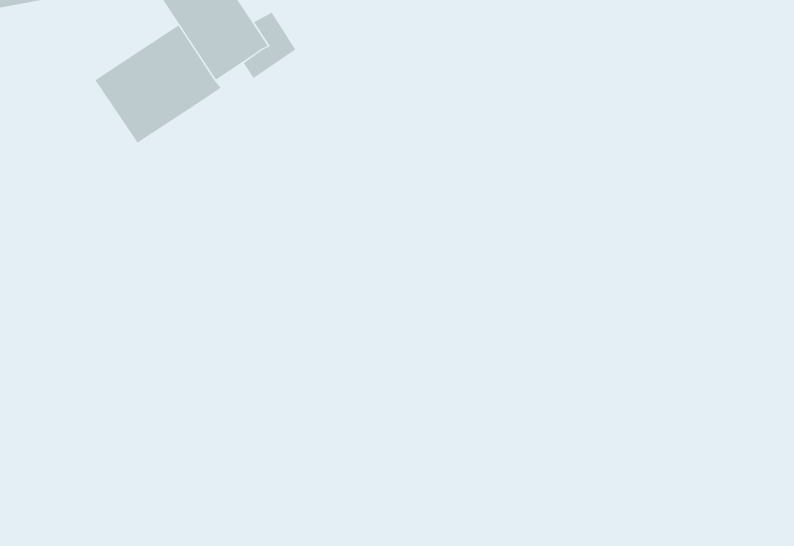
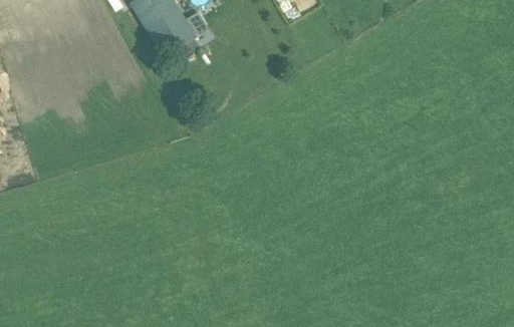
building: [95,24,221,144] -> none

